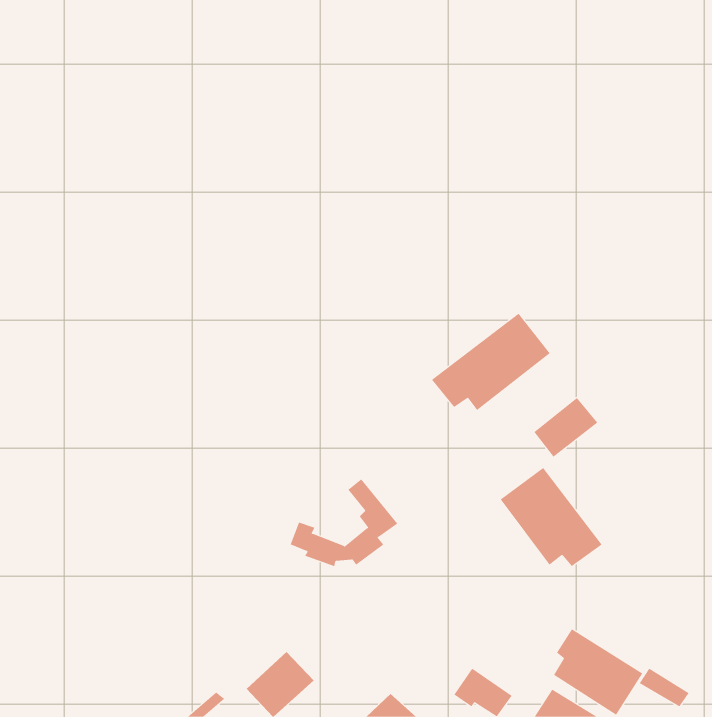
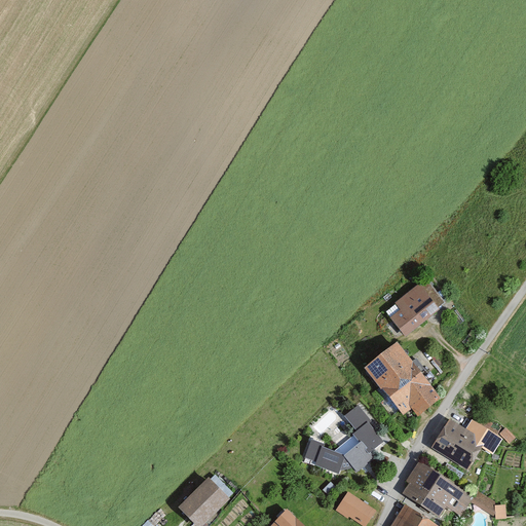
building: [431,313,551,411] -> none
building: [290,478,398,567] -> [304,409,383,474]
building: none -> [431,417,501,472]

